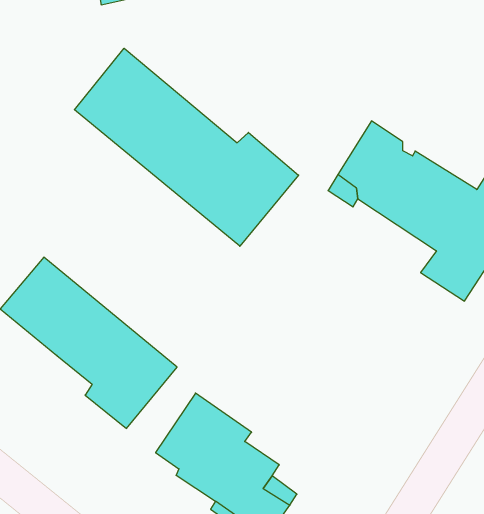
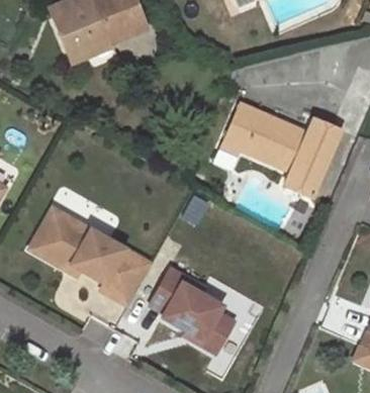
building: [74,48,299,246] -> none

